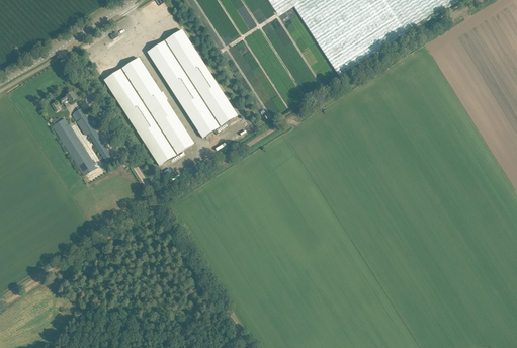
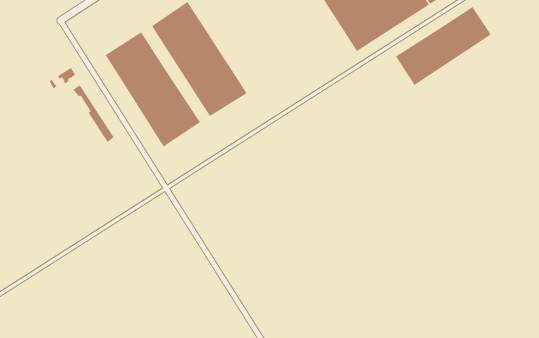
building: none -> [395,6,491,86]
building: [51,116,95,175] -> none

